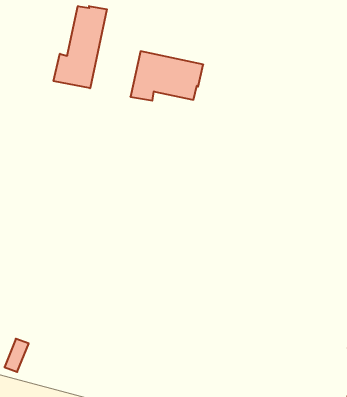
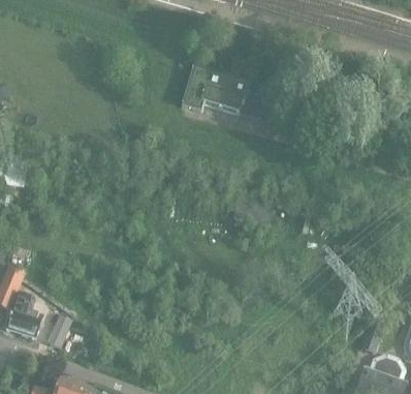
building: [54,6,107,88] -> none

